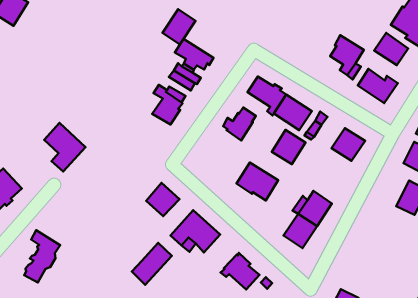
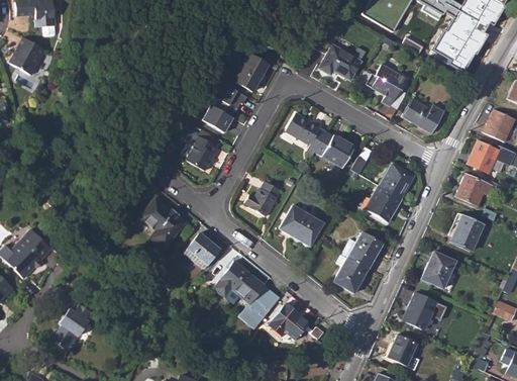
building: [162,9,195,44] -> [234,55,269,92]
building: none -> [319,44,361,80]
building: [374,33,408,65] -> none
building: [223,107,256,141] -> [245,181,280,216]
building: [44,123,85,171] -> [141,197,186,249]
building: [272,130,306,164] -> [366,185,401,221]
building: none -> [422,251,456,288]
building: [132,243,172,285] -> [239,284,281,329]
building: none -> [403,292,437,329]

